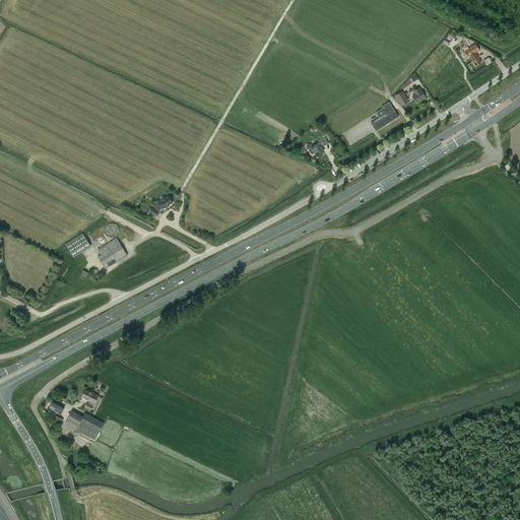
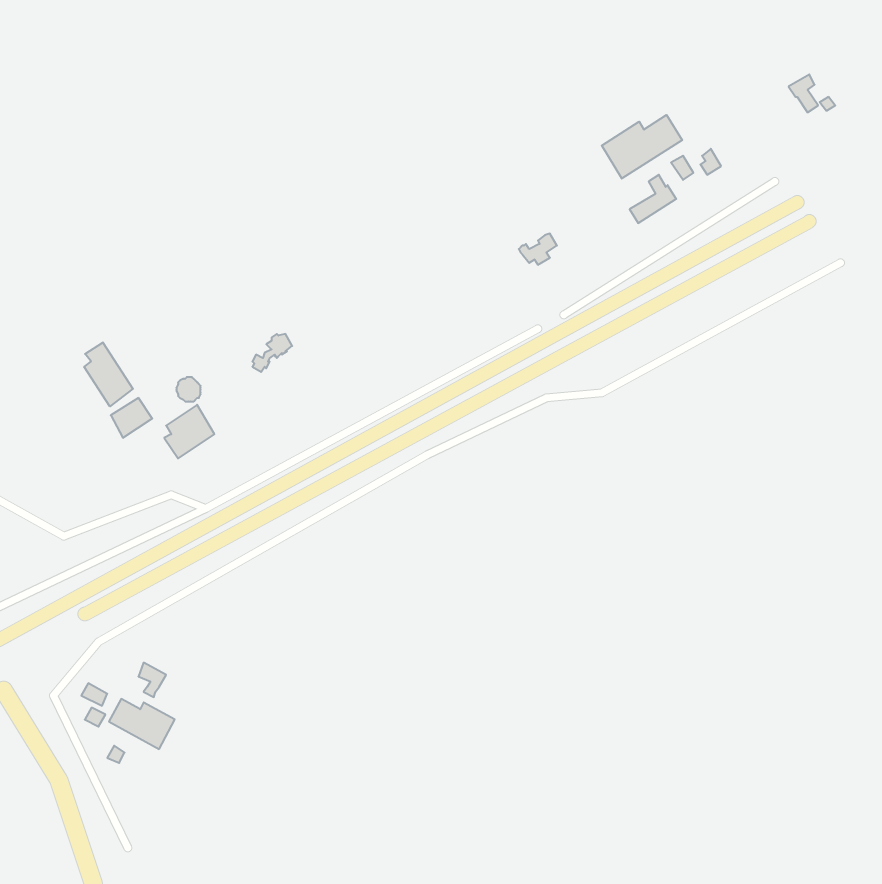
building: none -> [602,115,682,179]
building: none -> [84,342,133,406]

